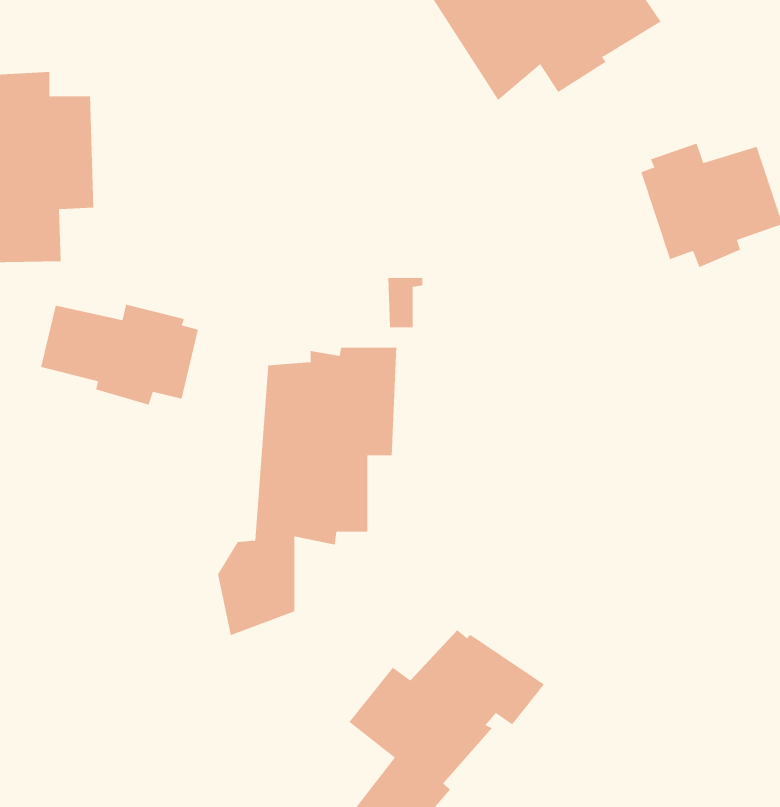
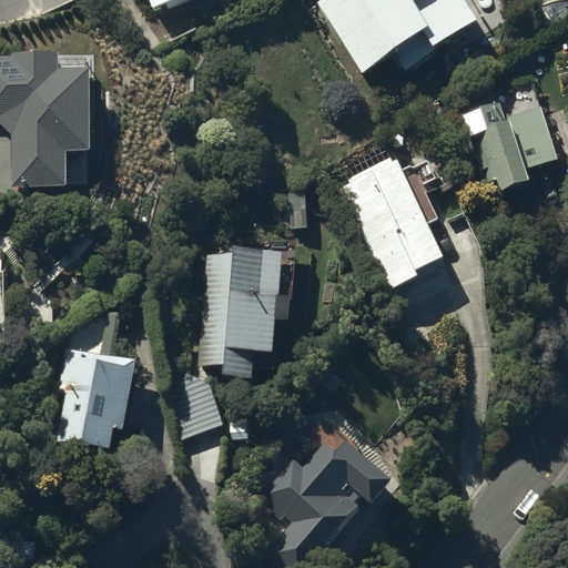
building: none -> [329,155,442,293]
building: [41,304,199,405] -> none
building: none -> [57,359,136,457]

